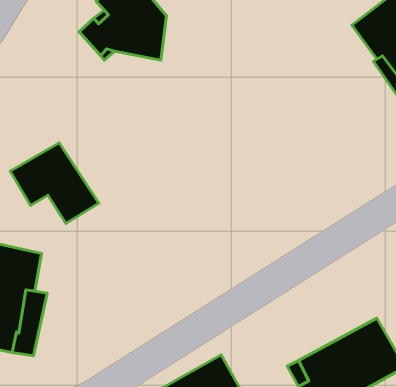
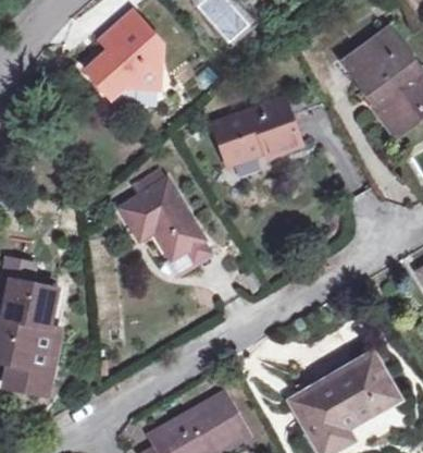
building: none -> [216,100,306,169]
building: [10,143,99,224] -> [124,183,209,260]

